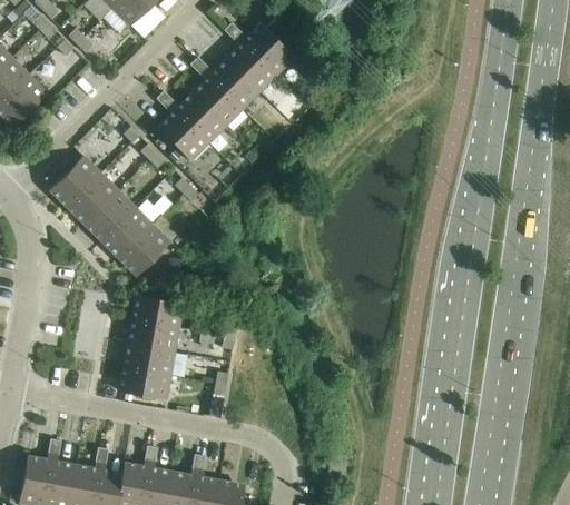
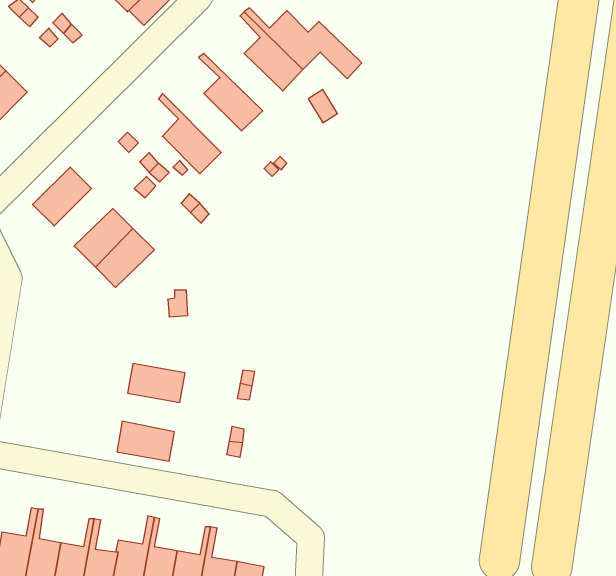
building: [194,56,259,108] -> none
building: [159,90,225,142] -> none
building: [69,172,118,220] -> none
building: [120,224,170,273] -> none
building: [135,294,183,326] -> none
building: [126,343,174,375] -> none

